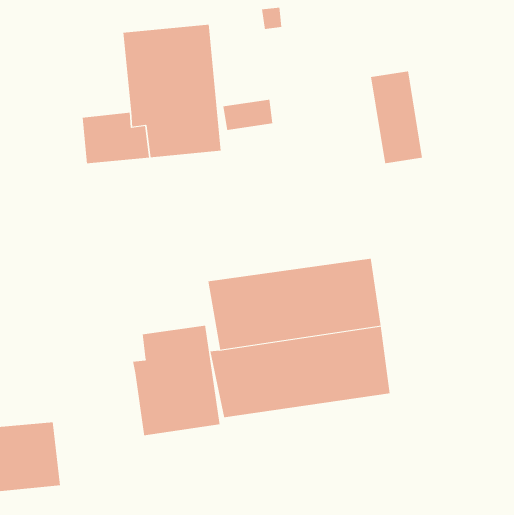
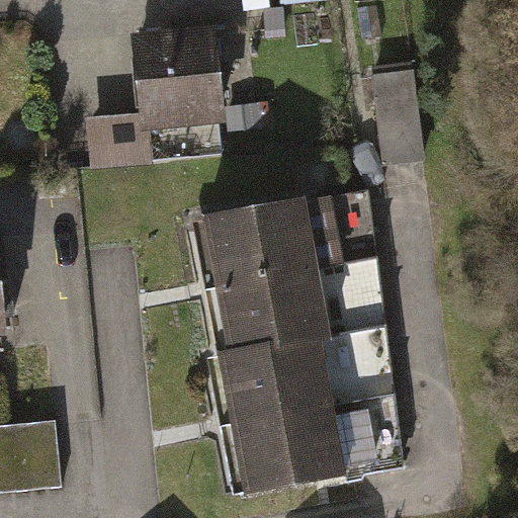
building: none -> [193,188,371,281]
building: [133,325,220,436] -> none
building: none -> [224,394,401,495]

